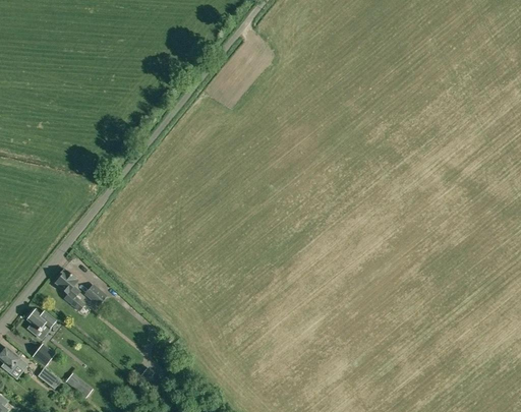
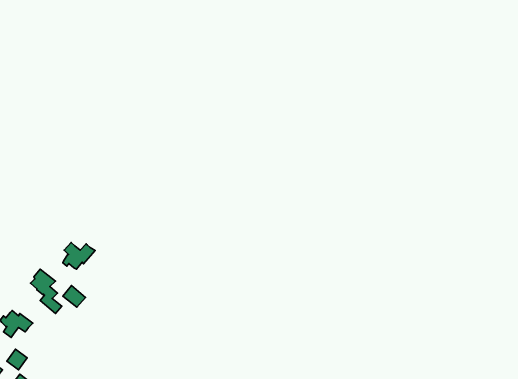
building: none -> [63,243,95,269]

